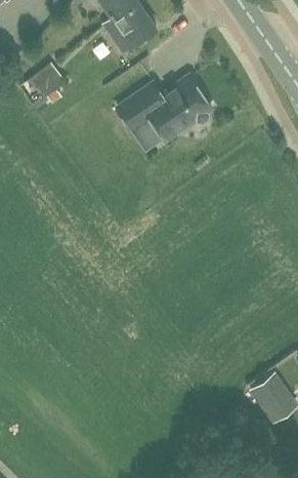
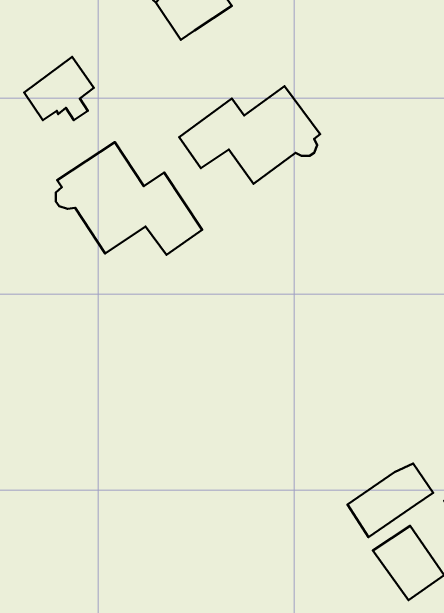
building: none -> [56,142,202,255]
building: none -> [348,464,433,537]

